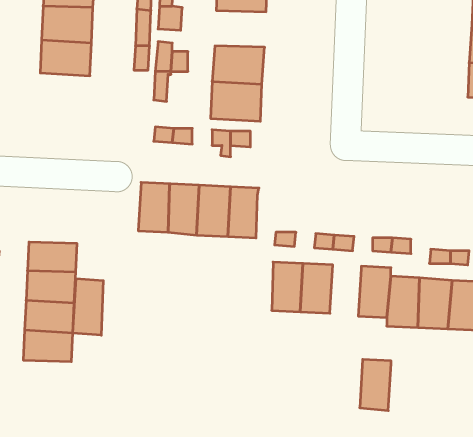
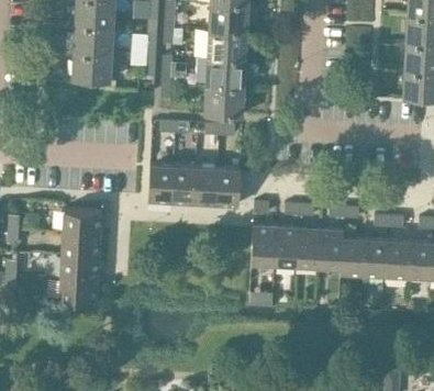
building: none -> [208,32,247,60]
building: [73,279,103,335] -> none
building: [360,359,391,411] -> [297,228,321,268]

